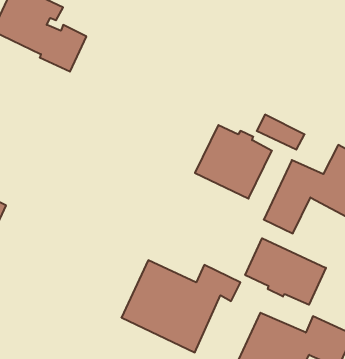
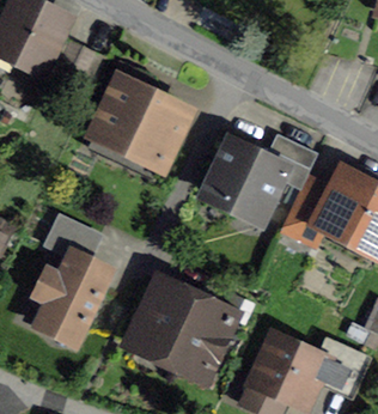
building: none -> [90,63,184,175]
building: none -> [36,219,106,345]
building: [245,238,326,305] -> none

